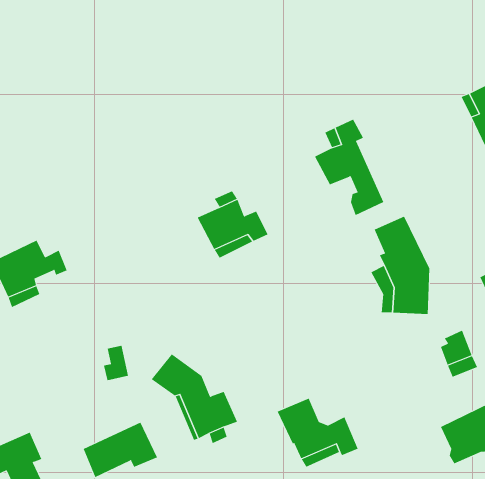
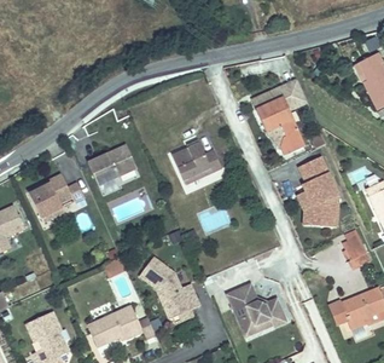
building: none -> [89,148,133,186]

